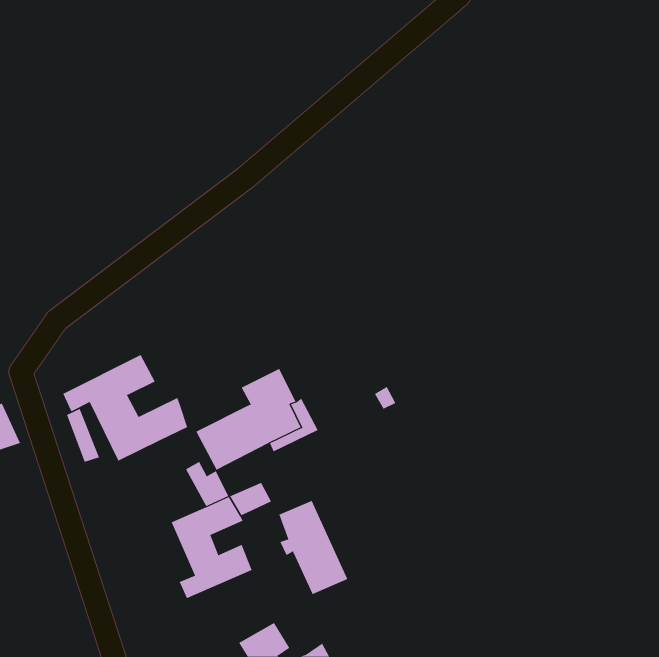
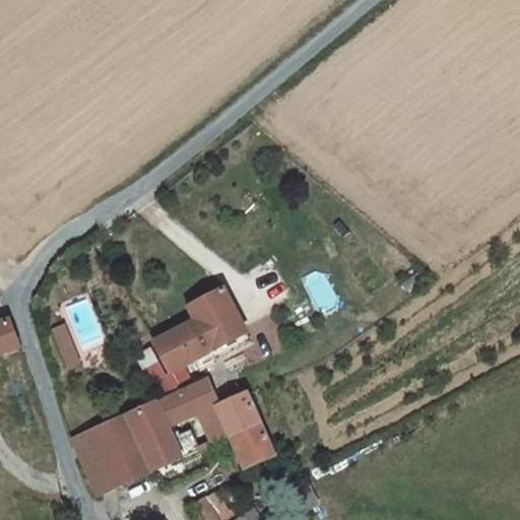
building: [63,354,188,461] -> none
building: none -> [194,393,225,441]
building: none -> [76,409,152,492]

